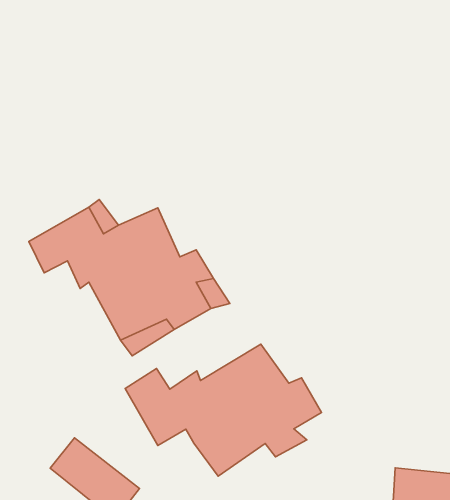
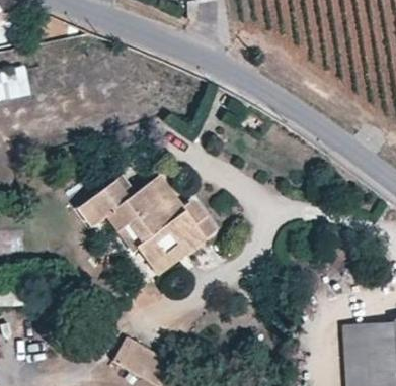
building: [125,344,321,476] -> none

